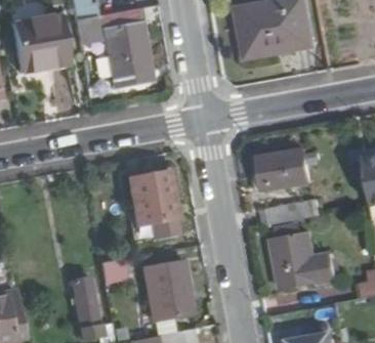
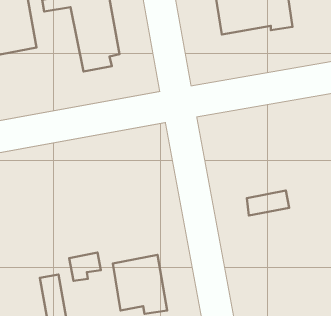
building: [262,147,311,189] -> none
building: [127,170,179,241] -> none
building: [275,228,320,285] -> none

